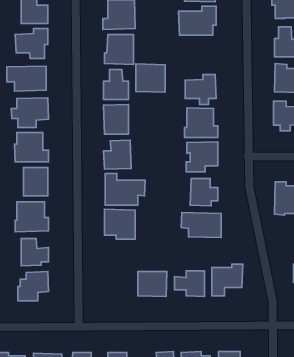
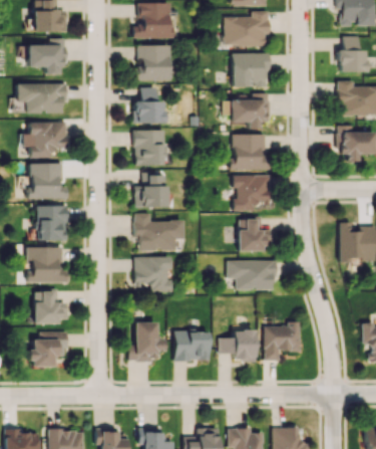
building: [136,64,165,92] -> [234,53,269,87]
building: none -> [129,322,165,361]

